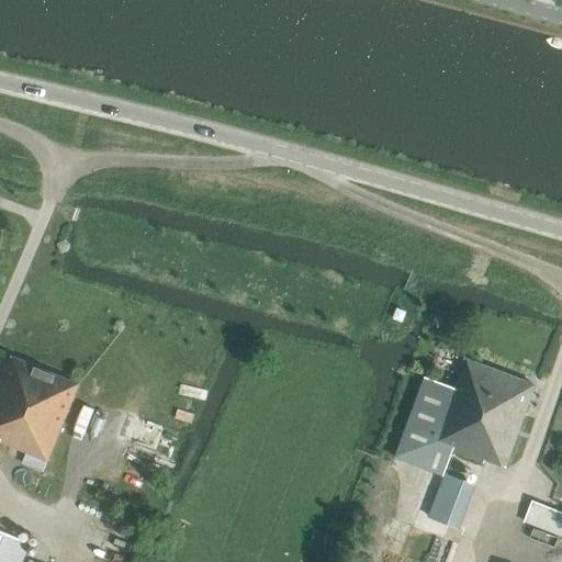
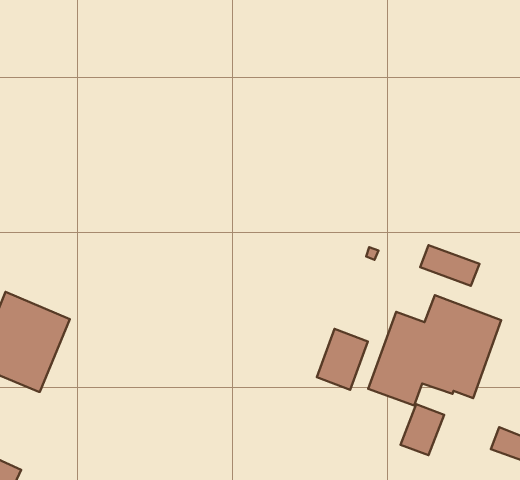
building: none -> [420,245,479,286]
building: none -> [317,329,368,390]

